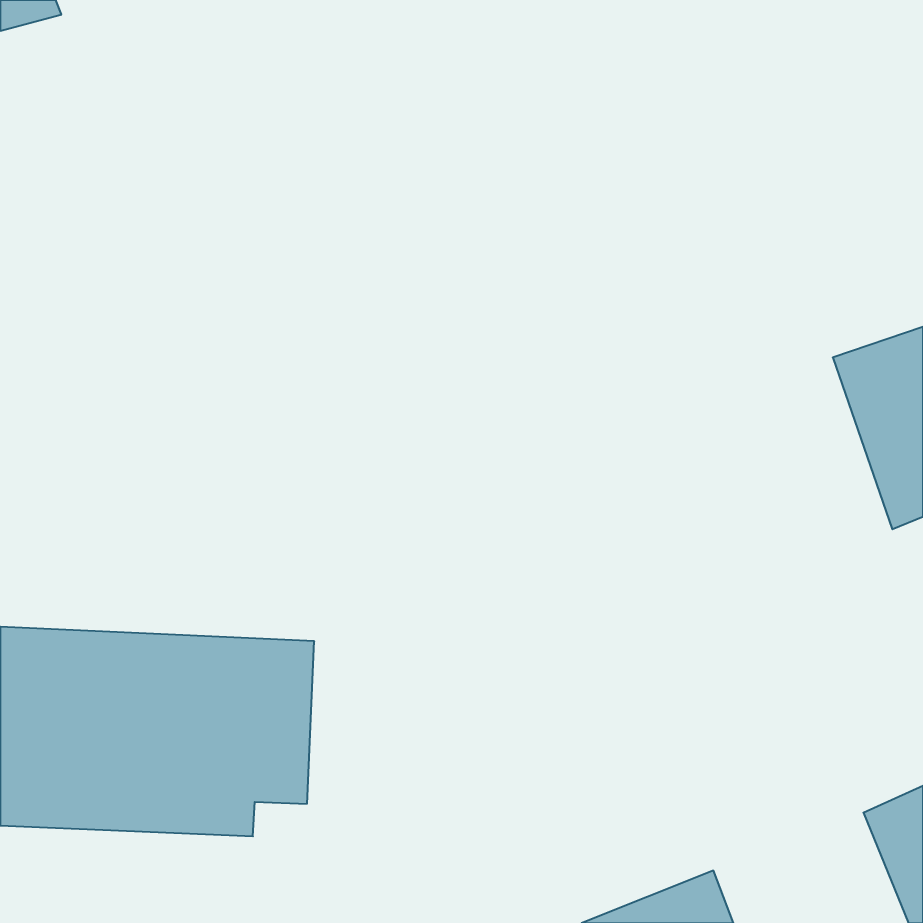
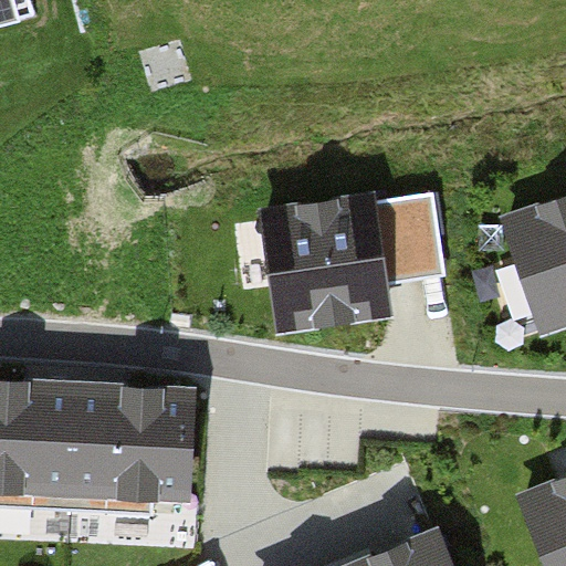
building: none -> [269,190,443,324]

